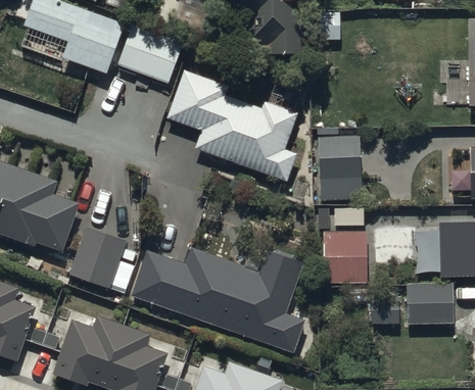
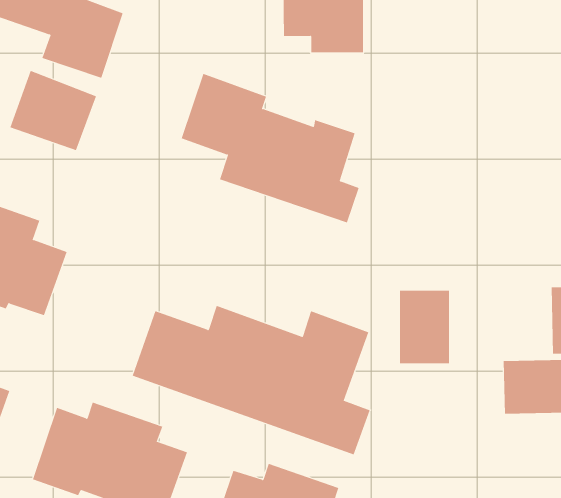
building: [116,23,182,84] -> [10,70,97,151]
building: [318,135,363,200] -> none
building: [69,227,127,289] -> none

